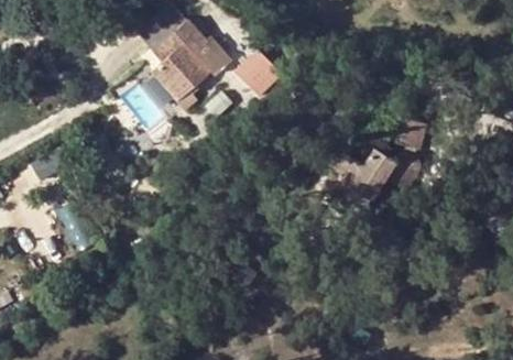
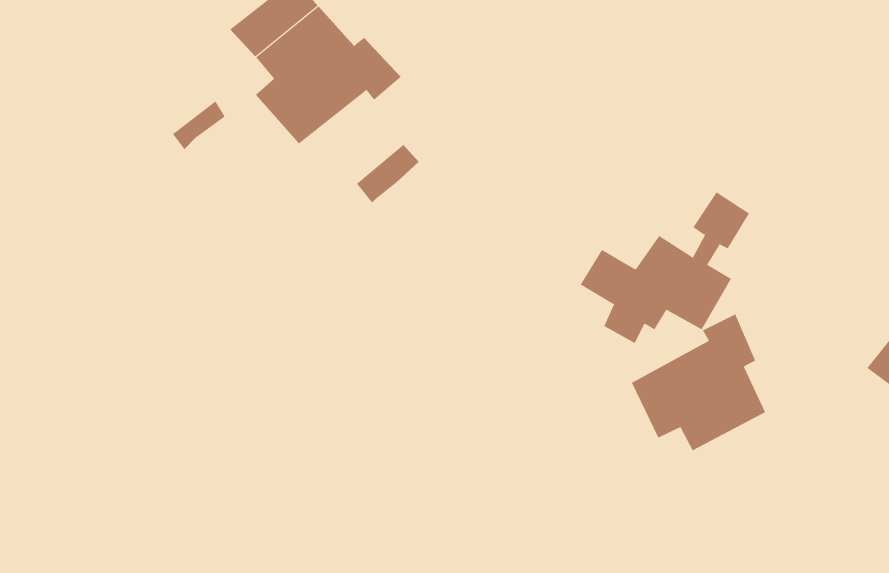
building: [239,51,285,97] -> none
building: none -> [631,314,766,451]

